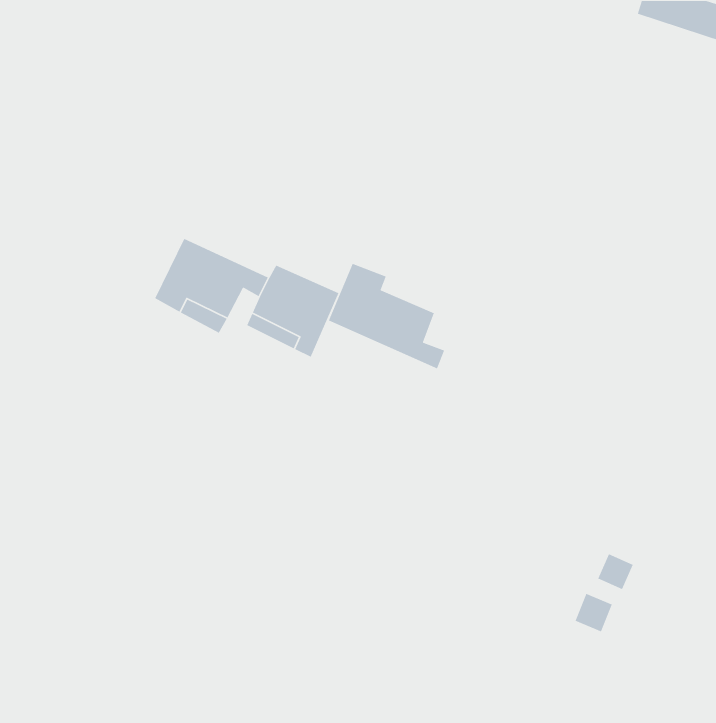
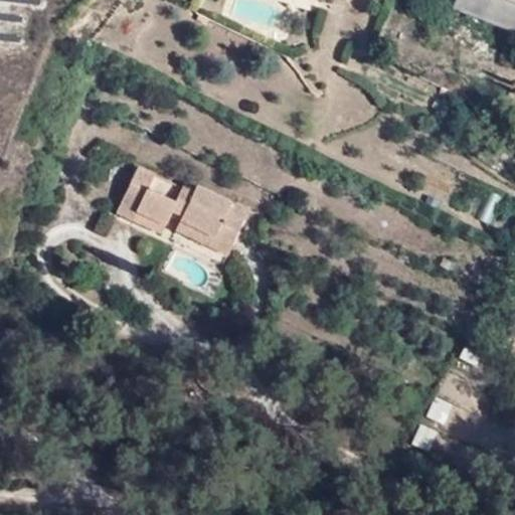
building: [328,263,445,369] -> none

